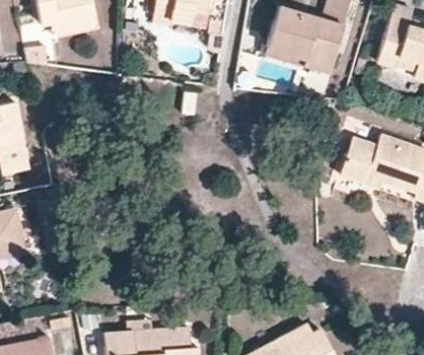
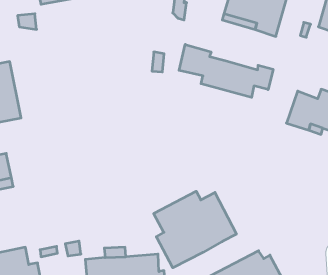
building: none -> [179,44,273,97]
building: none -> [154,191,236,268]

